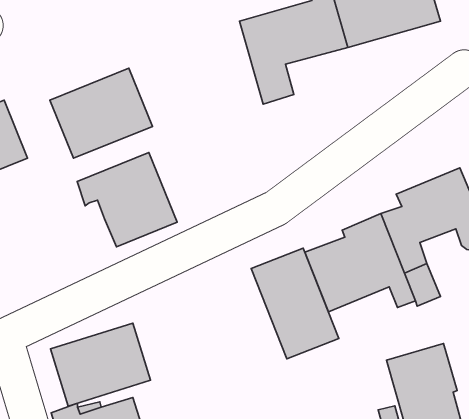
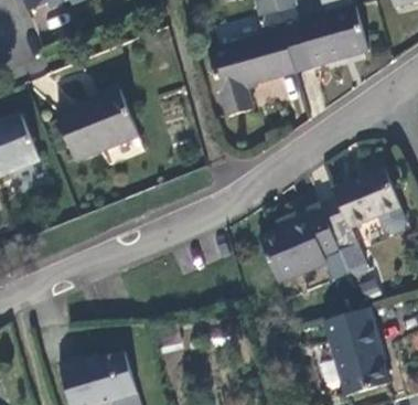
building: [77,152,177,247] -> none
building: [251,248,339,359] -> none
building: [50,323,150,406] -> none

